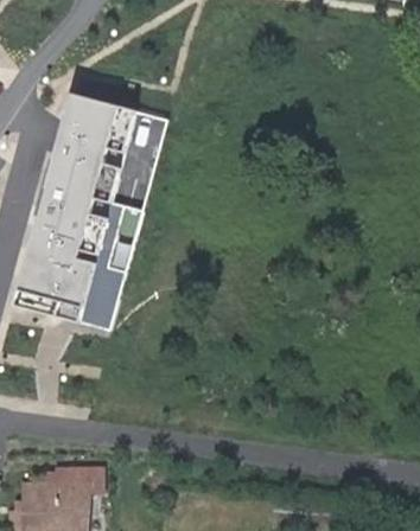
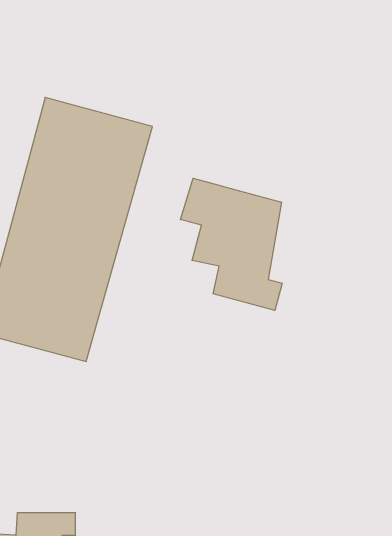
building: none -> [181,178,282,310]

